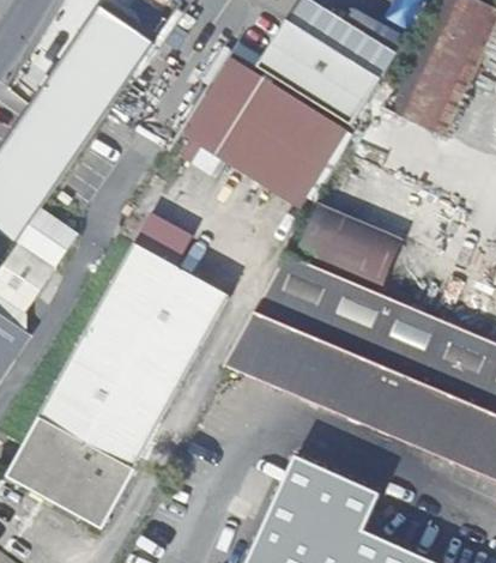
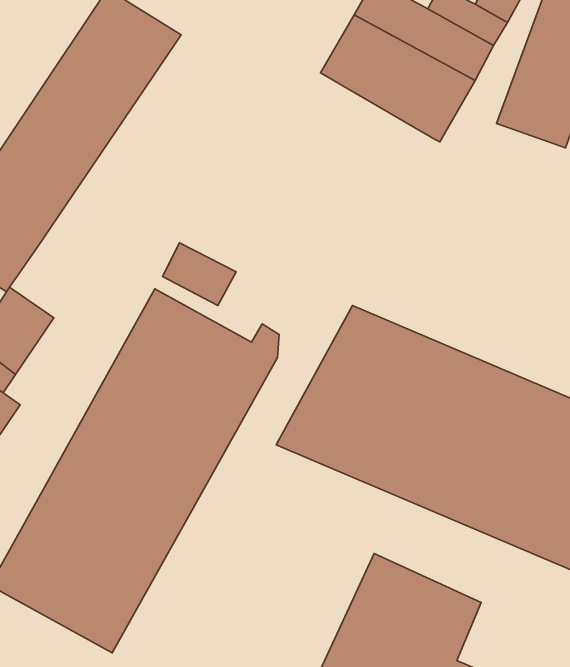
building: [141,56,350,205] -> none
building: [298,198,405,283] -> none
building: [18,211,74,266] -> none

